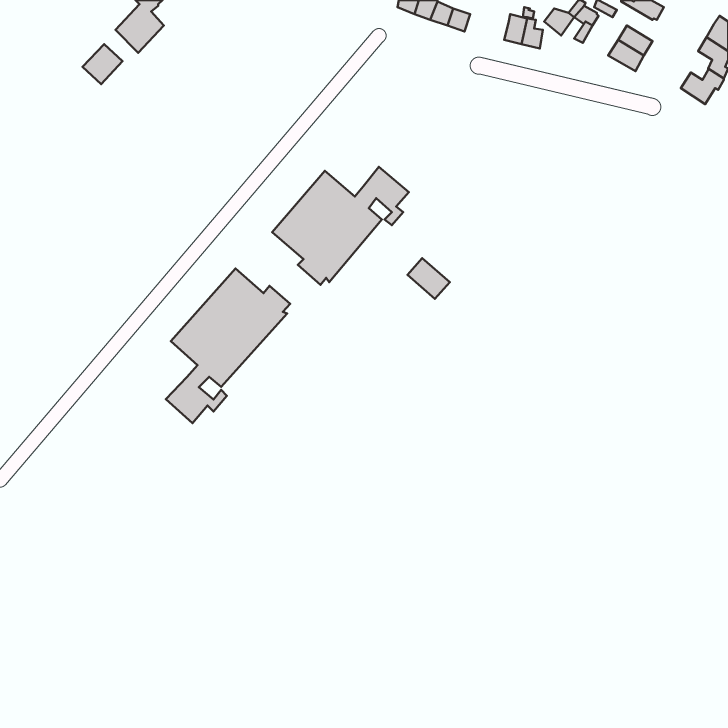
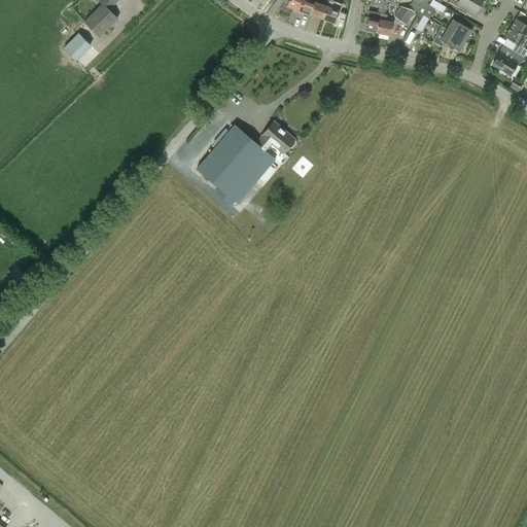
building: [407,258,450,299] -> none
building: [166,268,290,423] -> none

